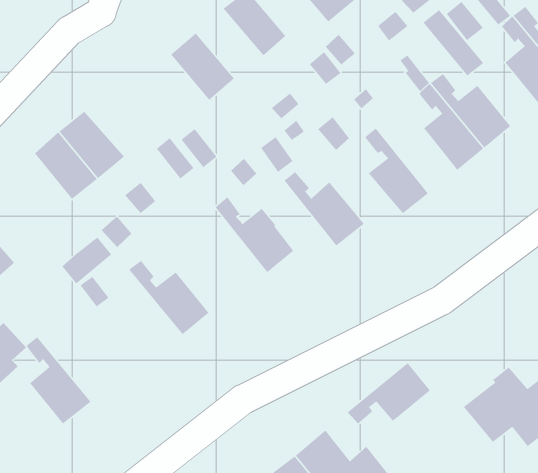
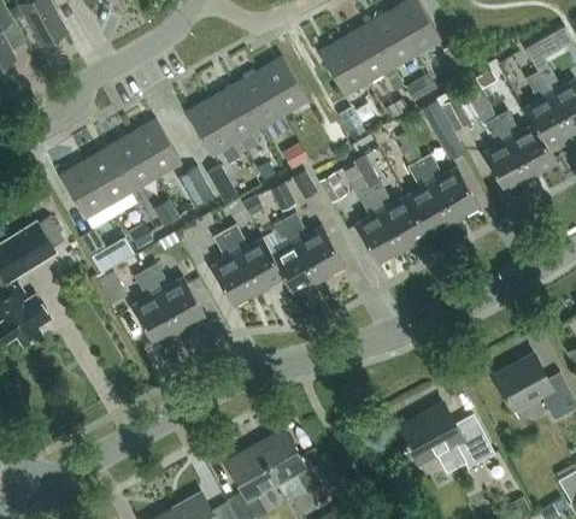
building: none -> [234,70,286,129]
building: none -> [186,100,235,157]
building: none -> [131,119,181,177]
building: none -> [368,182,428,250]
building: none -> [59,161,108,219]
building: none -> [271,219,318,295]
building: none -> [211,231,258,306]
building: [26,336,91,425] -> [131,270,180,346]
building: [347,362,431,425] -> none

